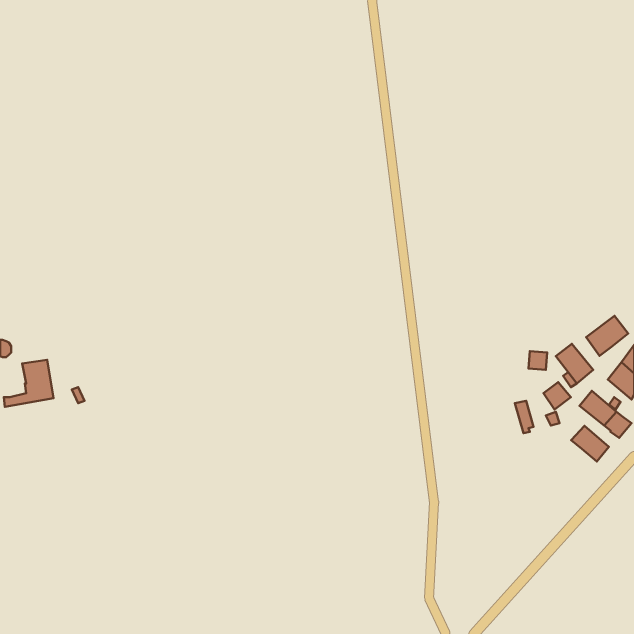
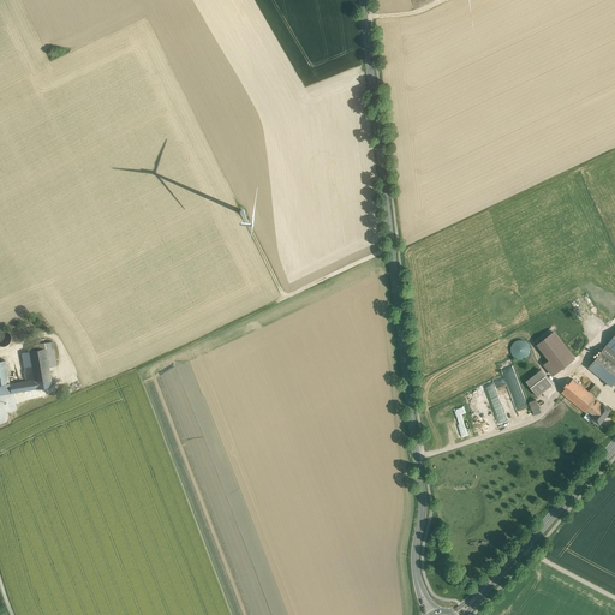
building: [586,316,628,356] -> none
building: [571,426,609,461] -> none

